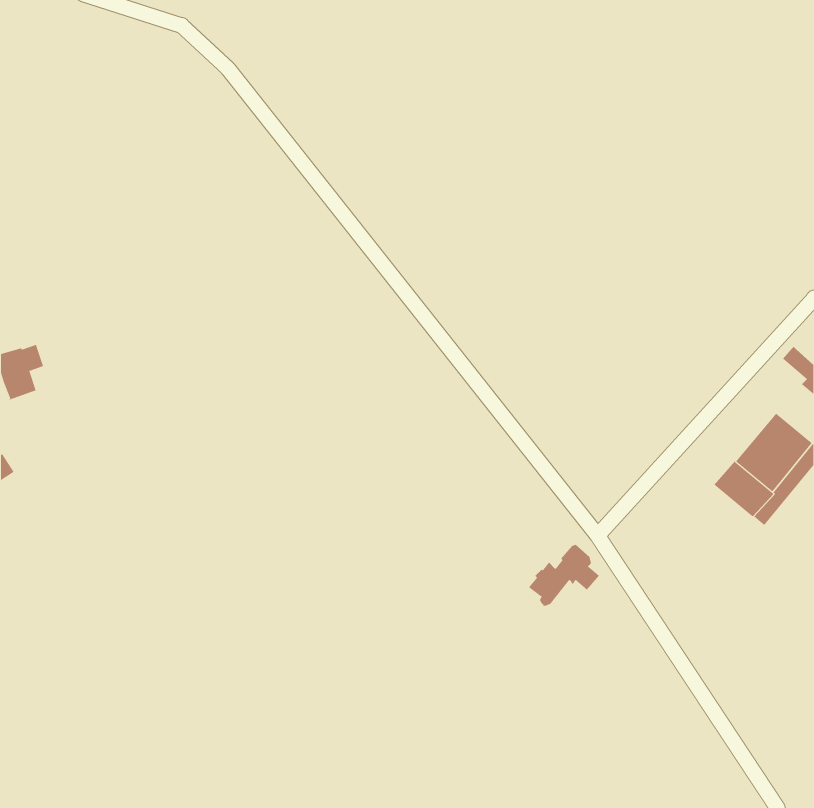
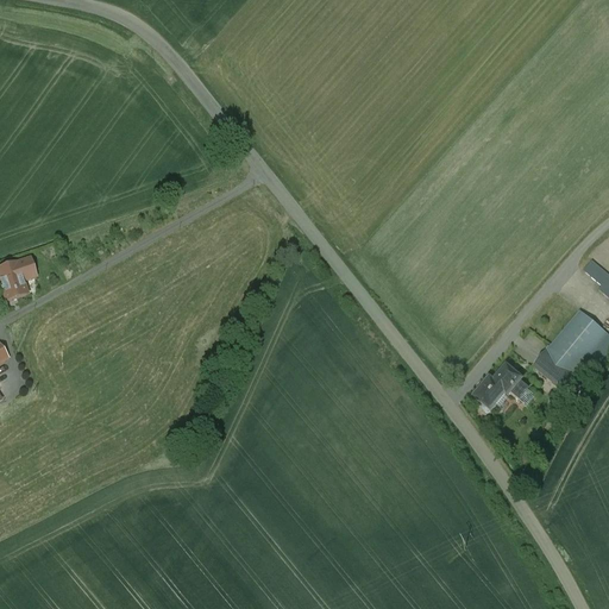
building: [528,544,600,606] -> [475,363,528,409]

